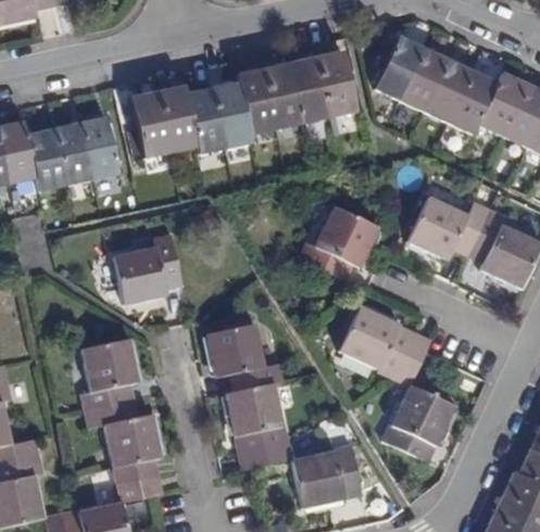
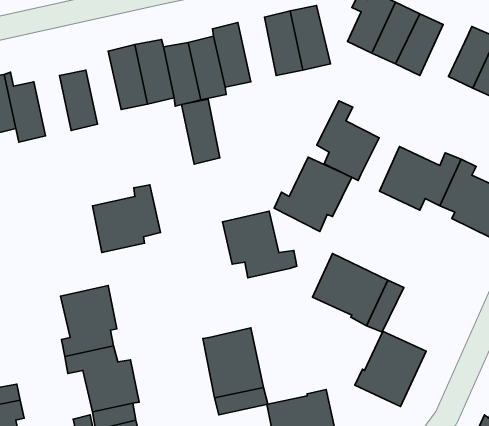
building: [262,63,301,129] -> [181,99,220,164]
building: [448,71,497,135] -> none
building: [53,123,91,185] -> none
building: none -> [317,101,379,180]
building: [206,322,282,391] -> [222,211,297,278]

